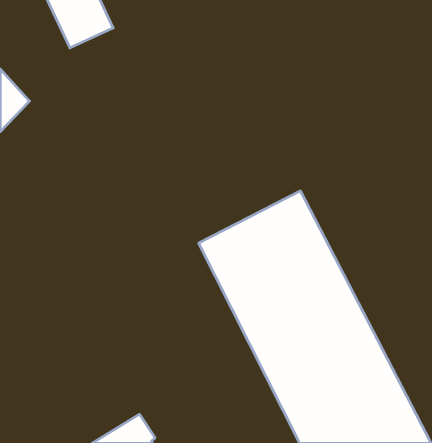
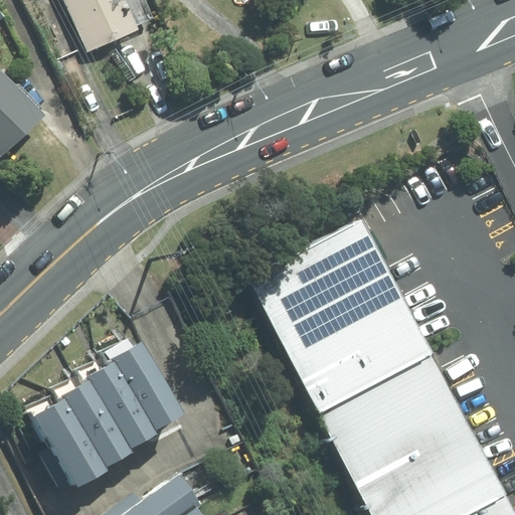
building: none -> [32,344,187,492]

